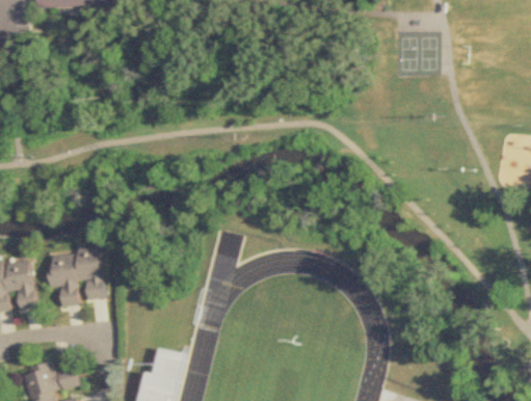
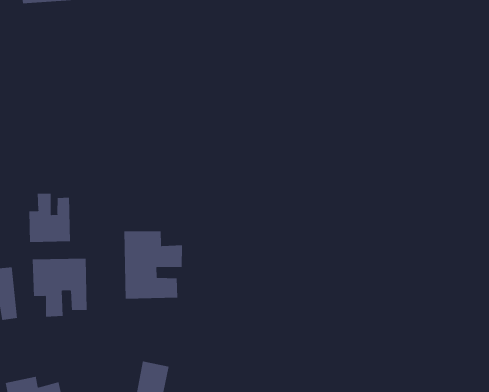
building: none -> [29,193,70,243]
building: none -> [124,230,182,299]

